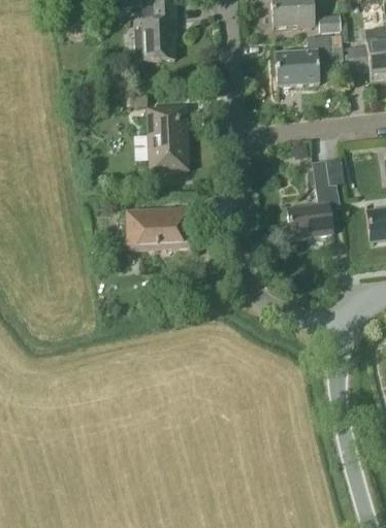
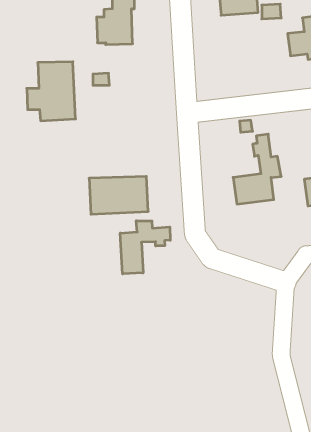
building: [276,34,330,85] -> none
building: [134,105,189,171] -> [27,62,76,121]
building: none -> [120,221,170,274]

